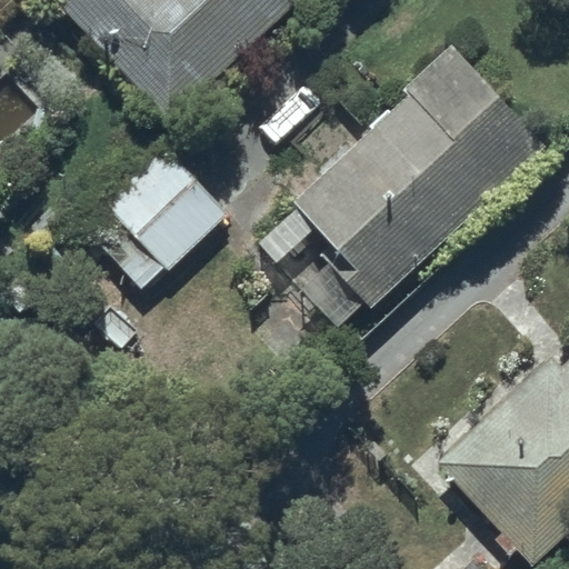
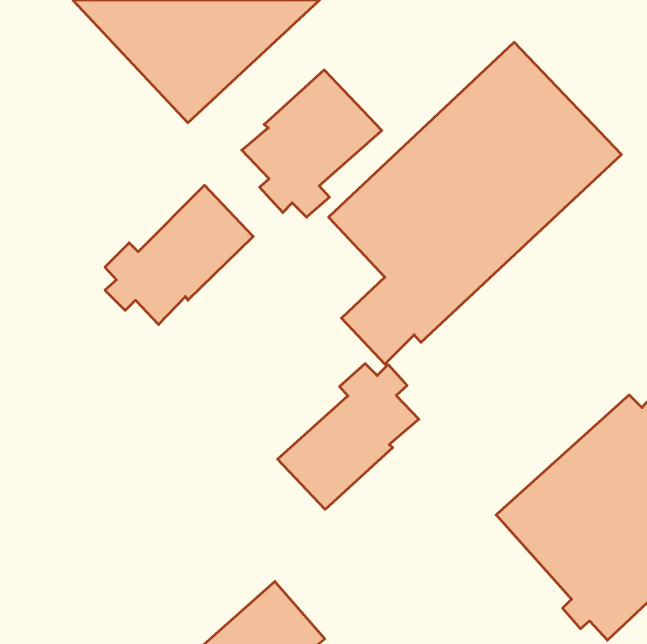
building: none -> [242,70,382,217]
building: none -> [278,364,419,509]

